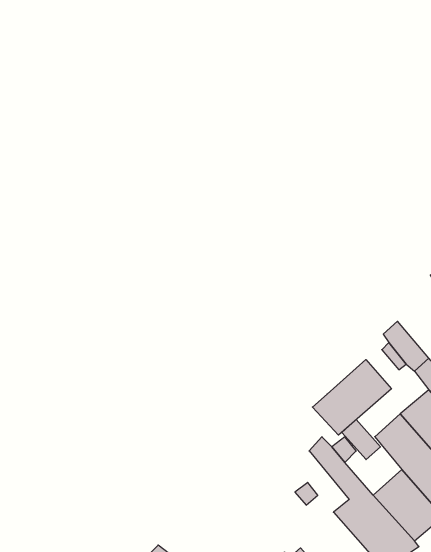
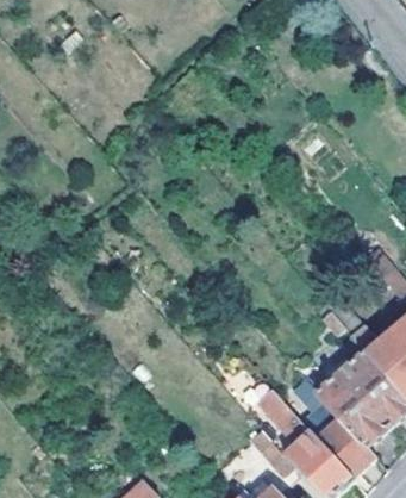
building: [312,360,391,435] -> none

